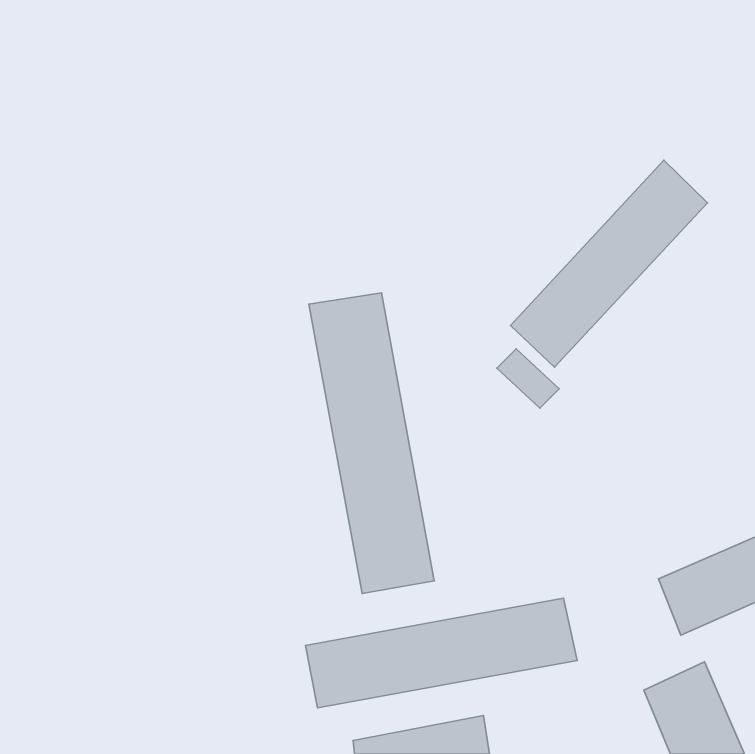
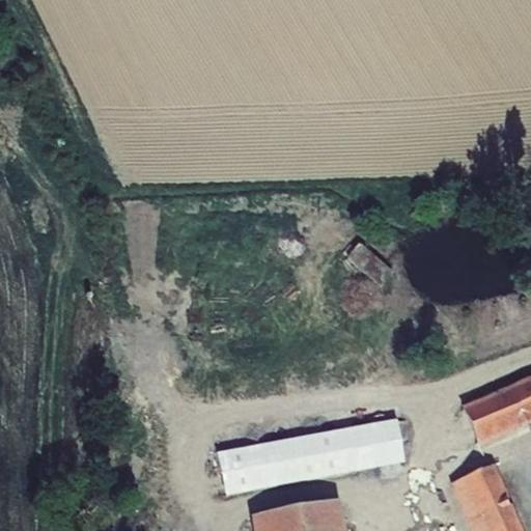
building: [510,160,707,367] -> none
building: [309,293,434,594] -> none

